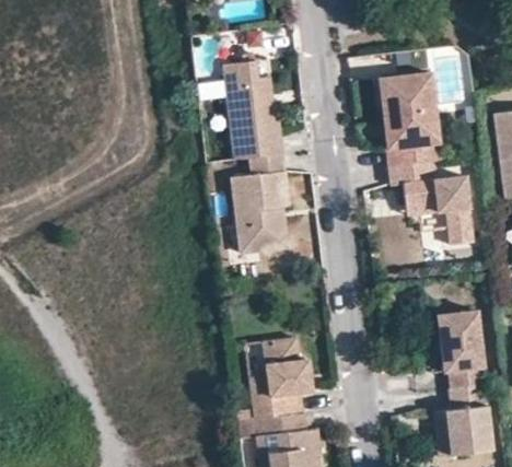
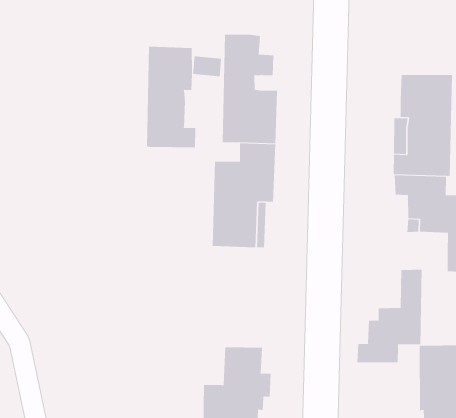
building: none -> [147,46,196,148]
building: none -> [357,269,422,363]

